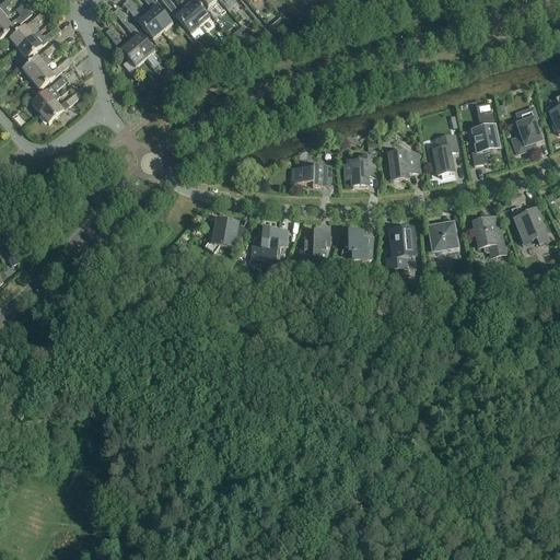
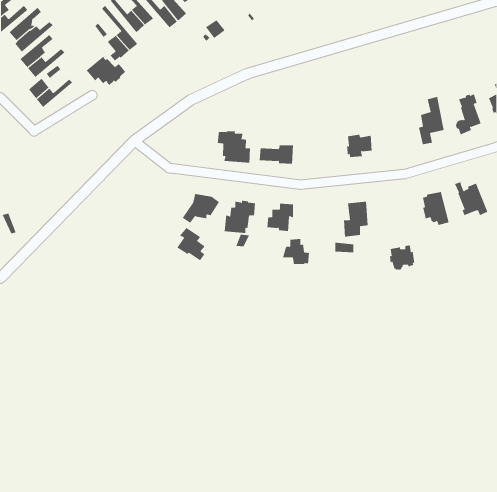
building: none -> [86,56,126,86]
building: [430,133,457,175] -> none
building: none -> [217,130,251,164]
building: [346,154,374,184] -> none
building: [429,222,458,250] -> [389,245,415,270]
building: [341,229,373,258] -> [282,238,310,265]
building: none -> [177,227,205,261]

